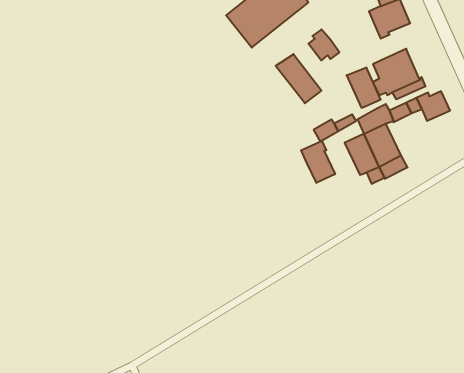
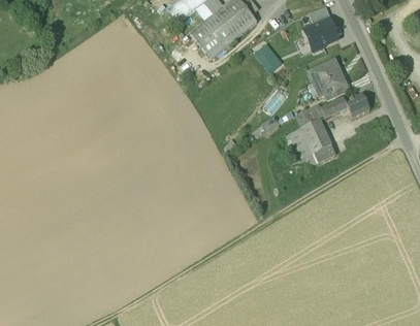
building: [276,54,321,103] -> none
building: [347,67,381,108] -> none
building: [301,141,335,183] -> none

